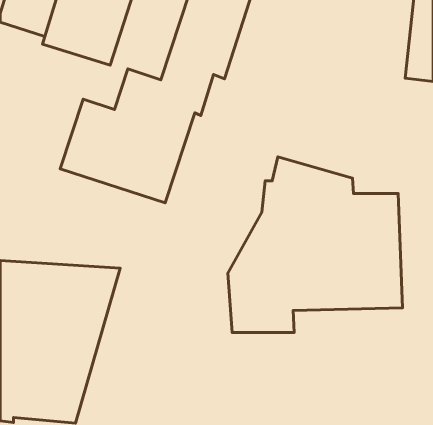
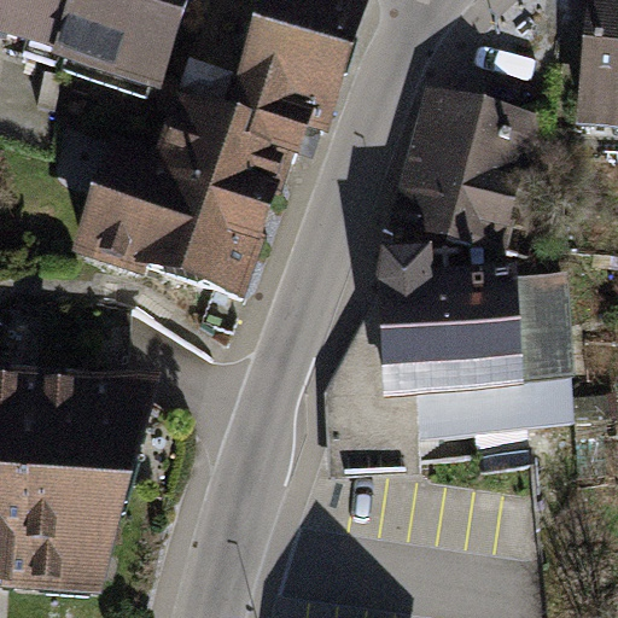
building: none -> [389,86,541,253]

